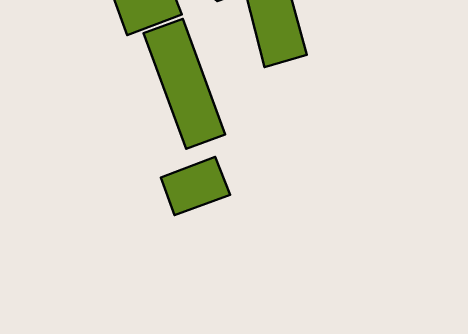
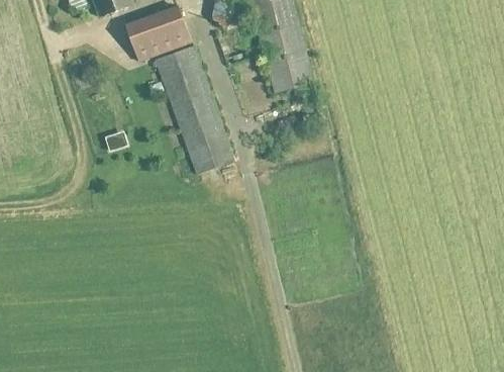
building: [161,157,230,215] -> none

